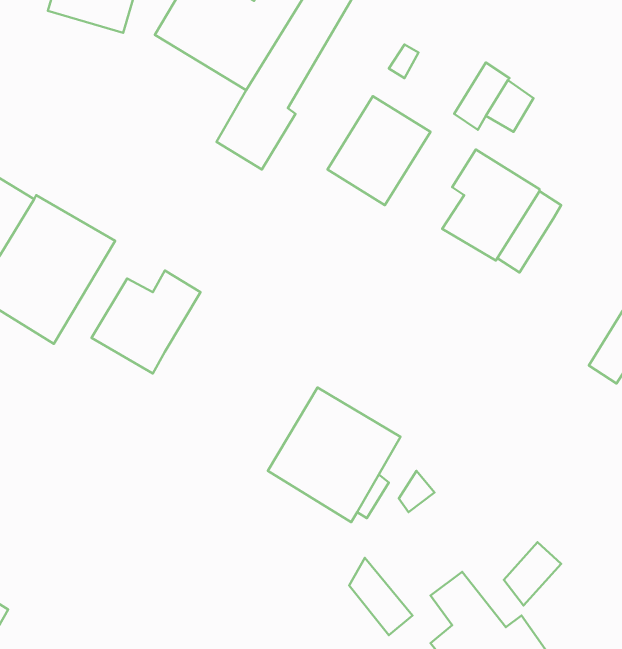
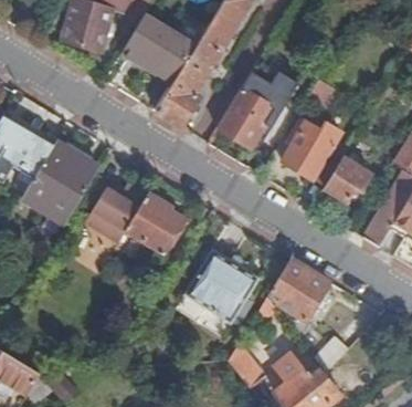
building: none -> [324,156,371,201]
building: none -> [127,195,183,254]
building: none -> [272,259,329,321]

